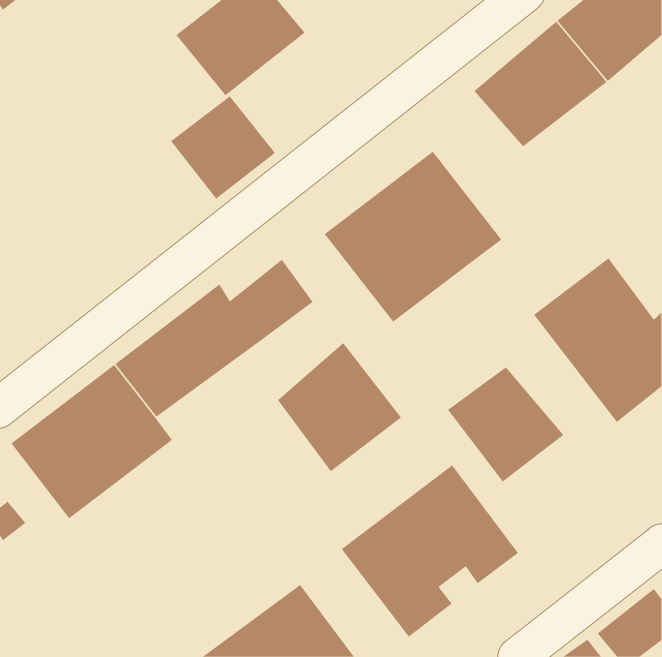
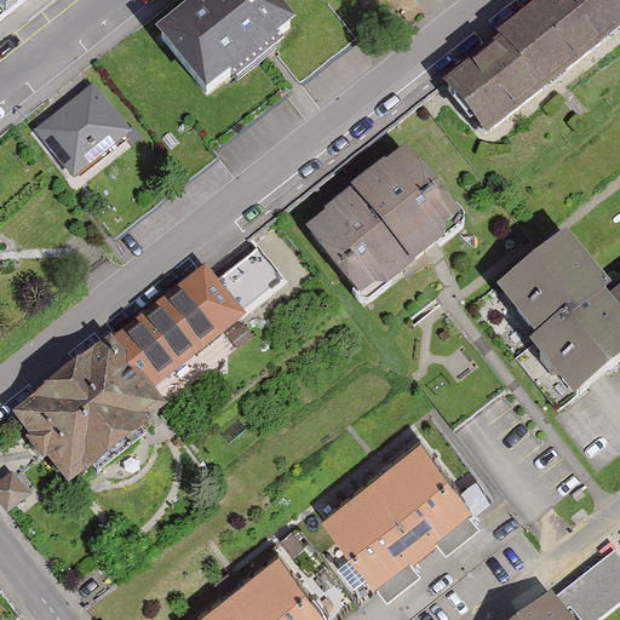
building: [170,95,276,200] -> [28,79,126,176]
building: [277,342,402,472] -> none
building: [447,366,564,483] -> none

